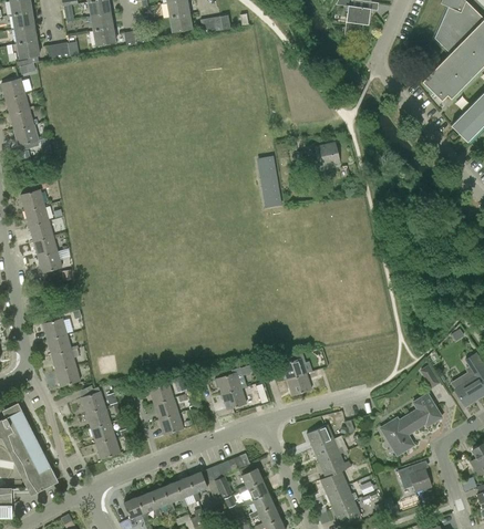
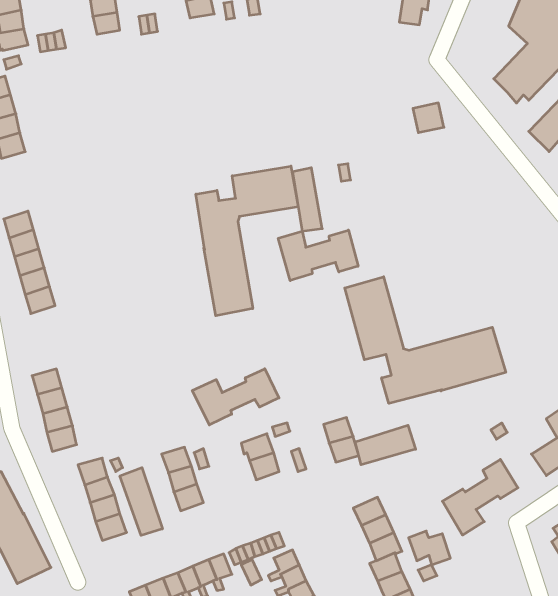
building: [315,144,340,168] -> [413,103,444,133]
building: none -> [196,166,298,316]
building: none -> [278,230,358,281]
building: none -> [345,277,506,403]
building: none -> [192,369,279,425]
building: none -> [355,425,416,465]
building: none -> [120,468,162,535]
building: [398,465,432,492] -> [409,531,450,565]

